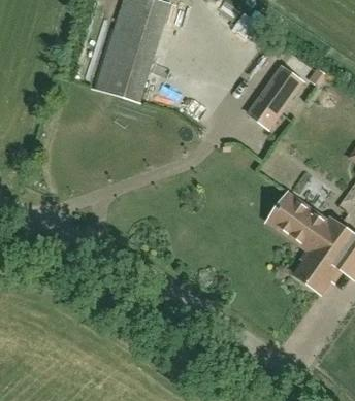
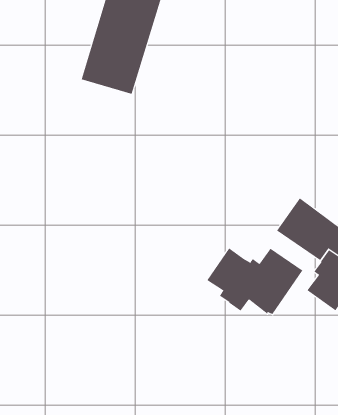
building: [248,66,301,128] -> none
building: none -> [207,248,303,315]

